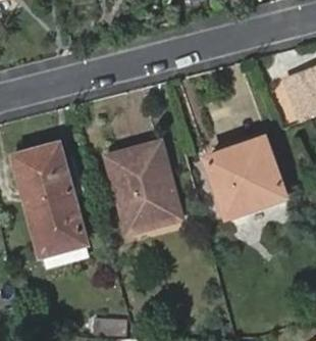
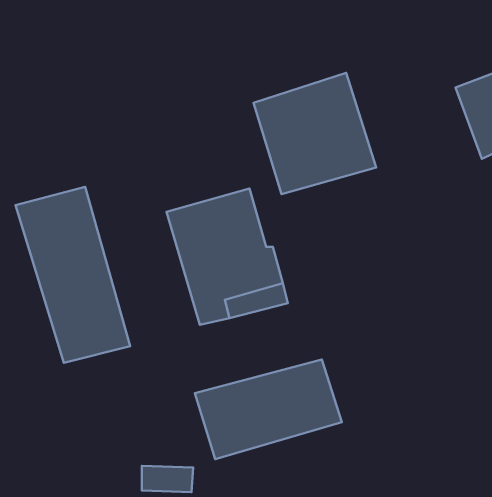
building: [207,139,282,213] -> [253,73,376,194]
building: none -> [195,360,342,459]

